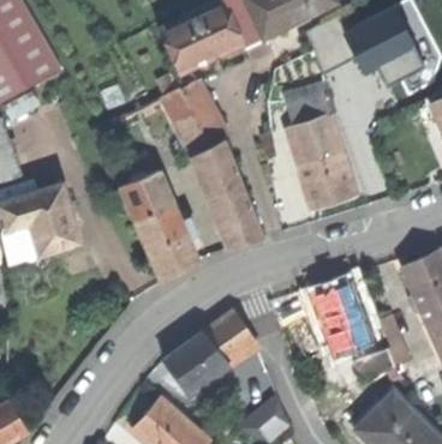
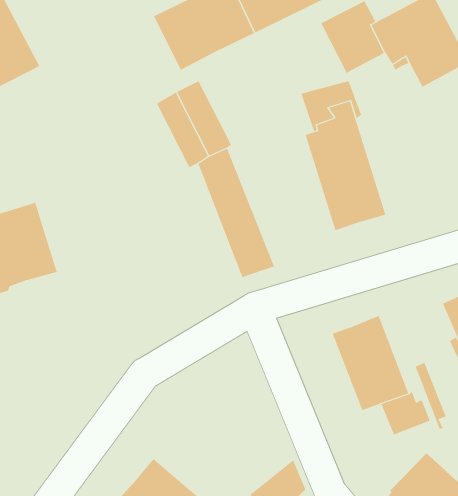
building: [119,172,197,282] -> none
building: [165,310,255,392] -> none

